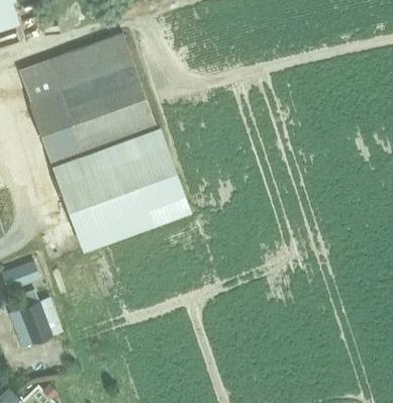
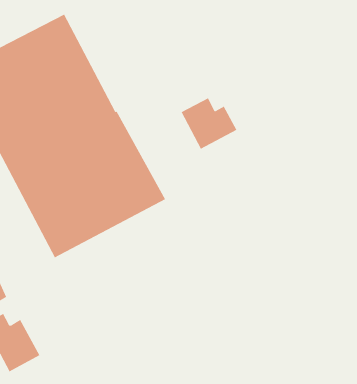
building: none -> [180,97,237,150]

